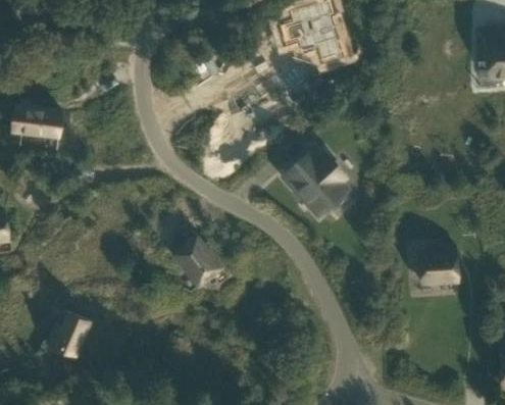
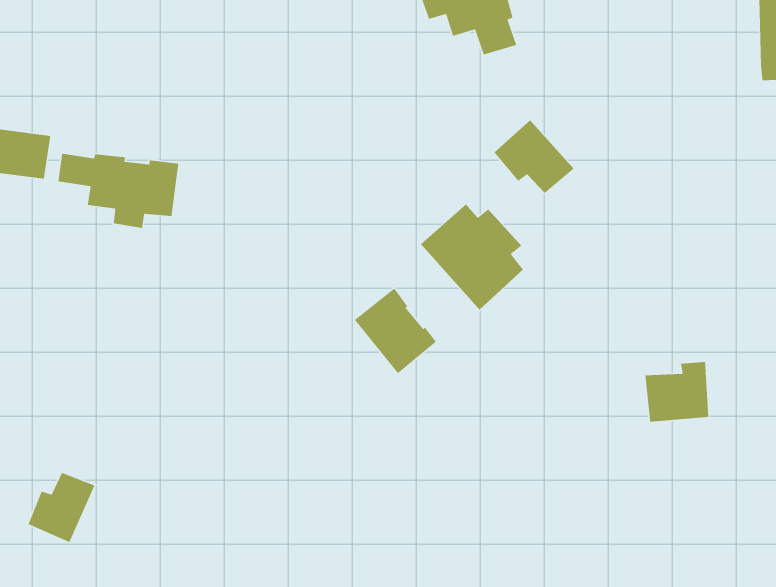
building: none -> [493,120,575,194]
building: none -> [58,153,179,229]
building: [171,239,221,291] -> [354,287,437,374]

